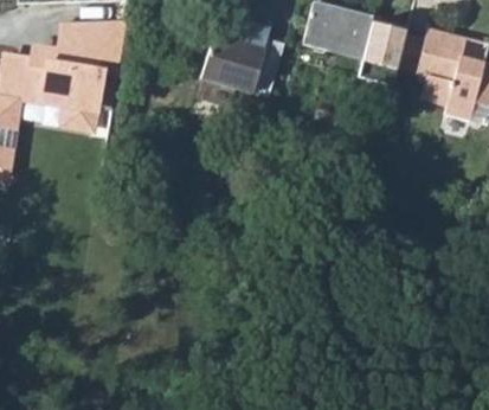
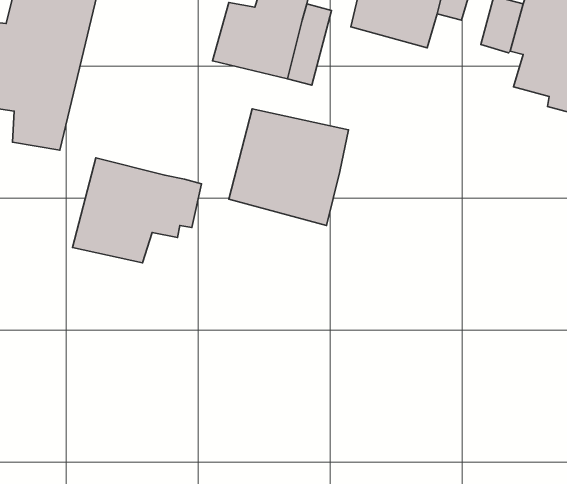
building: none -> [229,109,348,226]
building: none -> [73,158,202,263]

